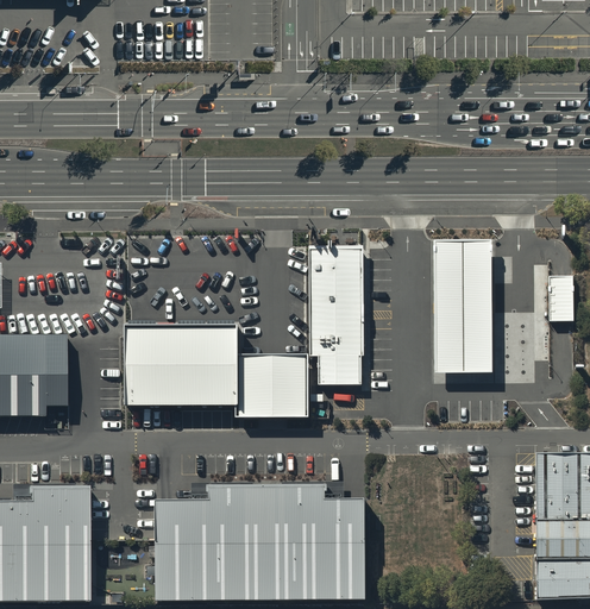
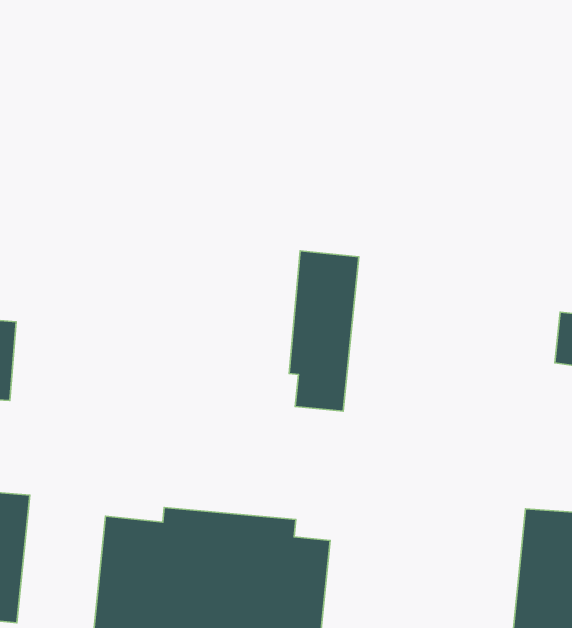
building: [432,243,491,376] -> none
building: [127,318,301,415] -> none

